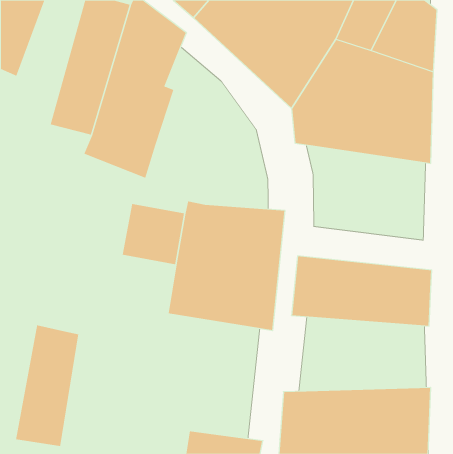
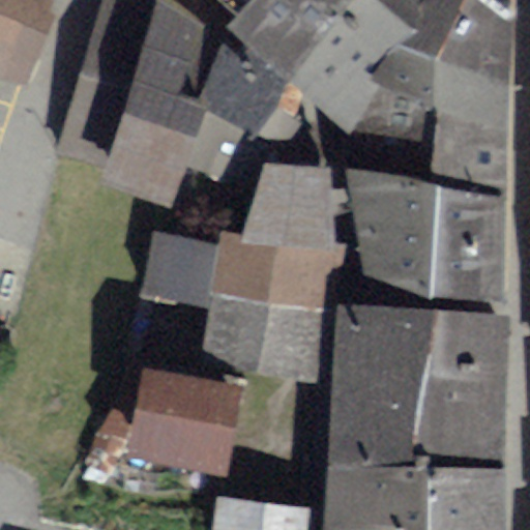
building: none -> [183,38,282,186]
building: none -> [240,166,333,245]
building: none -> [345,167,503,302]
building: none -> [331,367,503,457]
building: none -> [139,376,234,460]
building: [15,324,79,447] -> none

